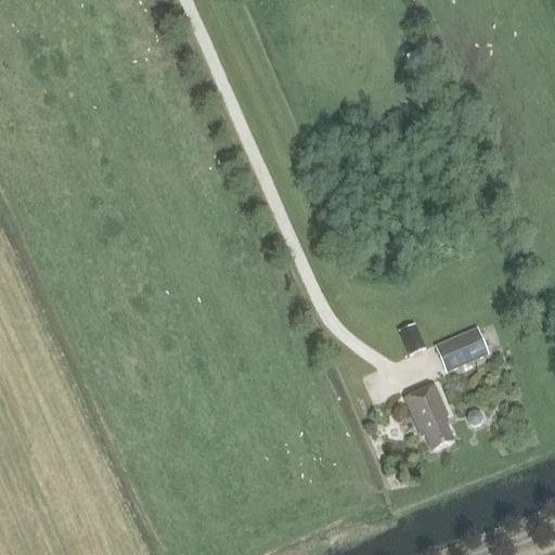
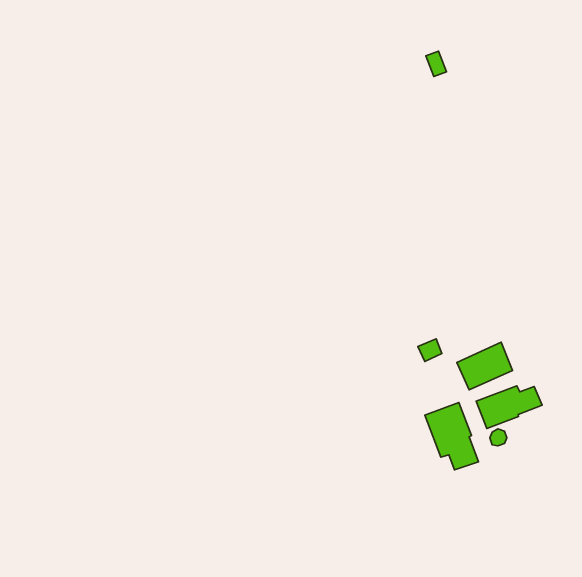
building: none -> [476,386,542,428]

